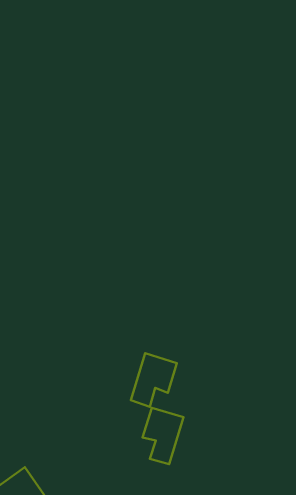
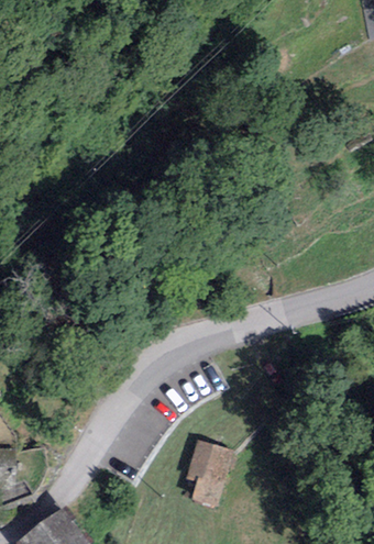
building: [131,353,177,407] -> none

